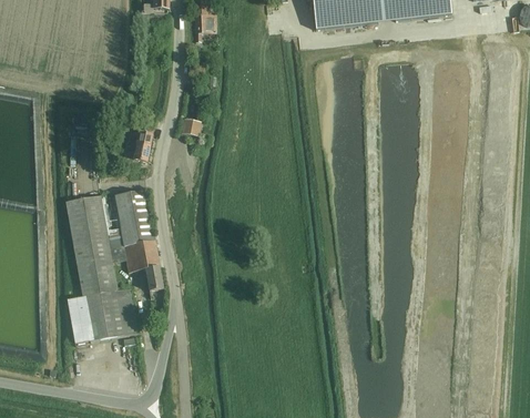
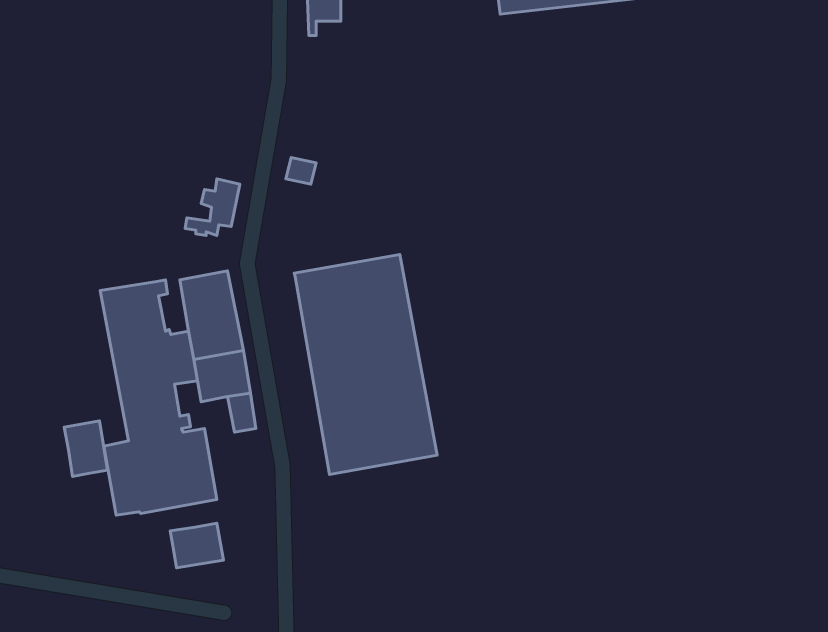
building: none -> [294,255,437,474]
building: none -> [64,421,108,476]
building: none -> [170,523,223,568]

